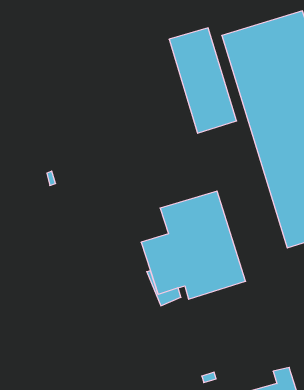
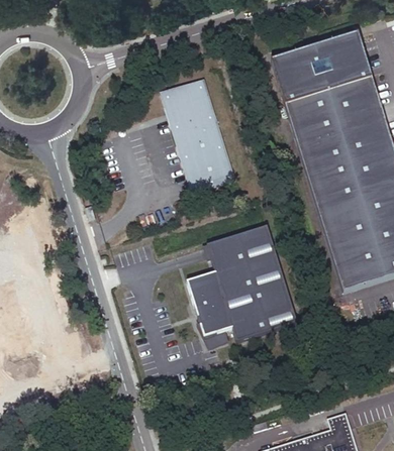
building: [169,28,237,133] -> [162,79,233,191]

